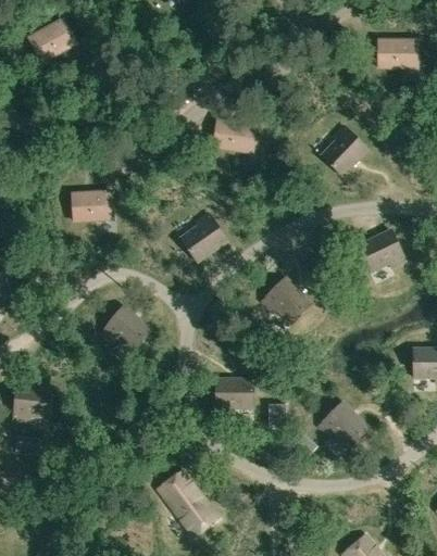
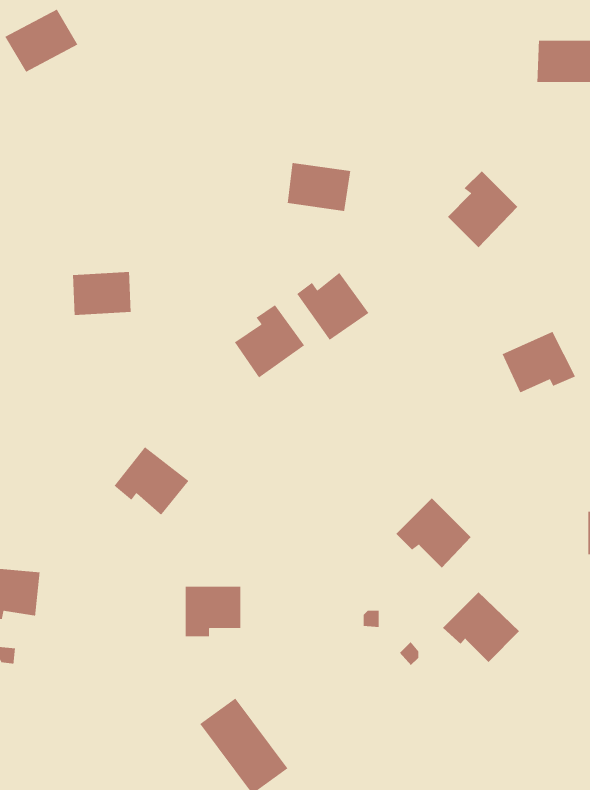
building: none -> [296,272,369,341]
building: [261,277,311,324] -> [396,498,472,569]
building: [215,379,252,413] -> [185,586,241,637]

